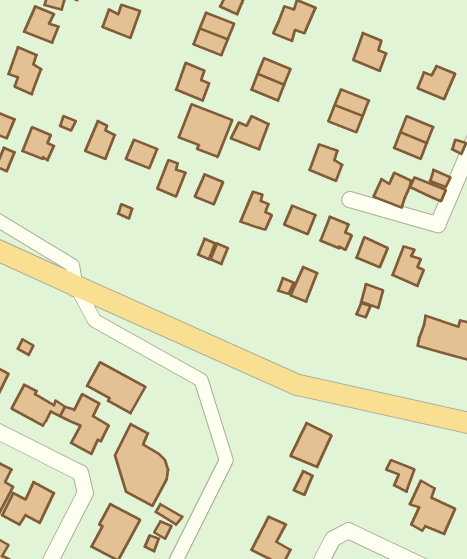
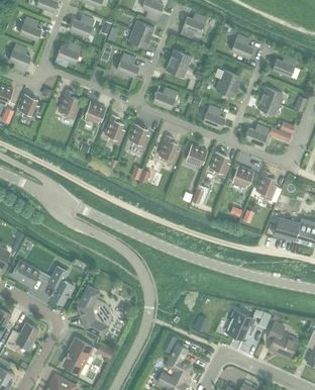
building: none -> [54,41,81,67]
building: [179,104,232,157] -> none
building: [87,362,145,413] -> none
building: [291,423,331,467] -> [225,310,251,338]

